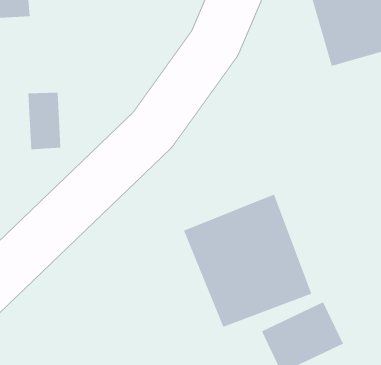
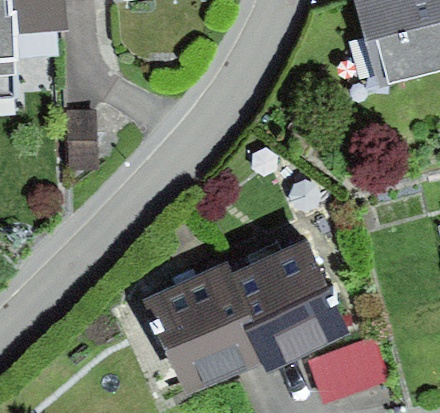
building: none -> [140,257,267,393]

